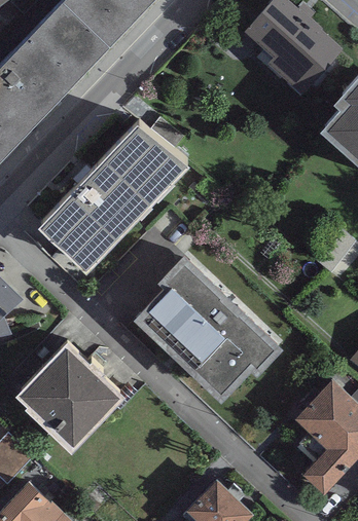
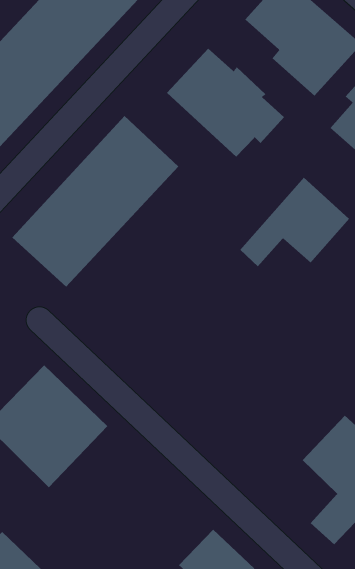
building: none -> [166,48,285,158]
building: none -> [239,177,350,267]
building: [133,252,281,400] -> none

